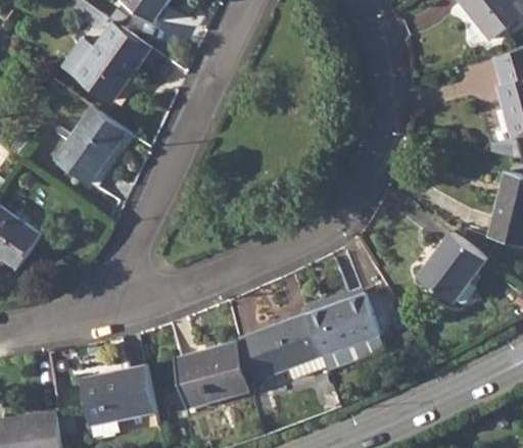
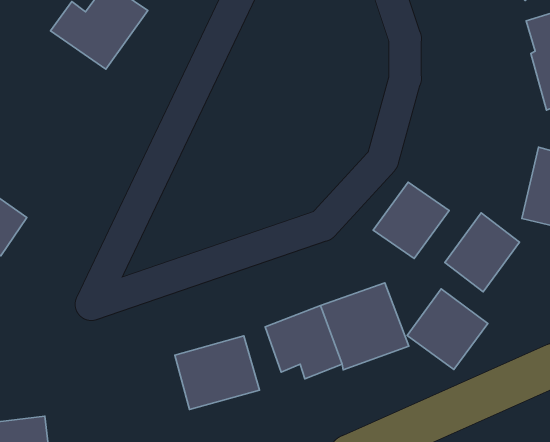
building: [54,105,126,183] -> none
building: none -> [373,182,449,259]
building: none -> [407,289,488,369]
building: [80,365,153,425] -> none

